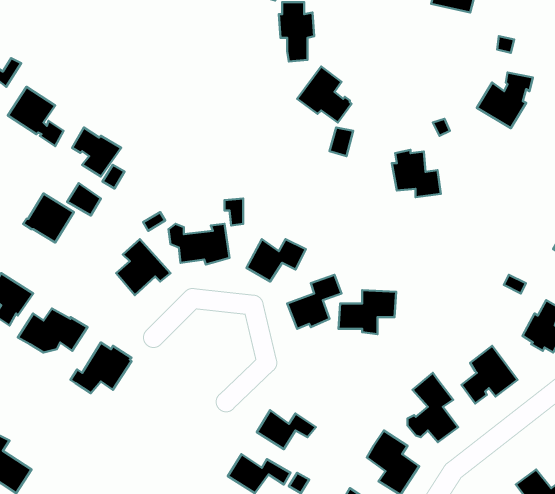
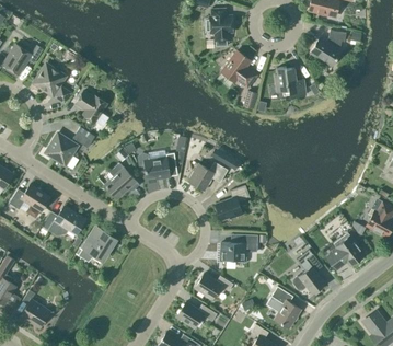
building: [477,72,533,128] -> [311,30,347,66]
building: [392,150,441,197] -> [275,66,307,96]
building: [339,290,396,334] -> [221,233,258,262]

